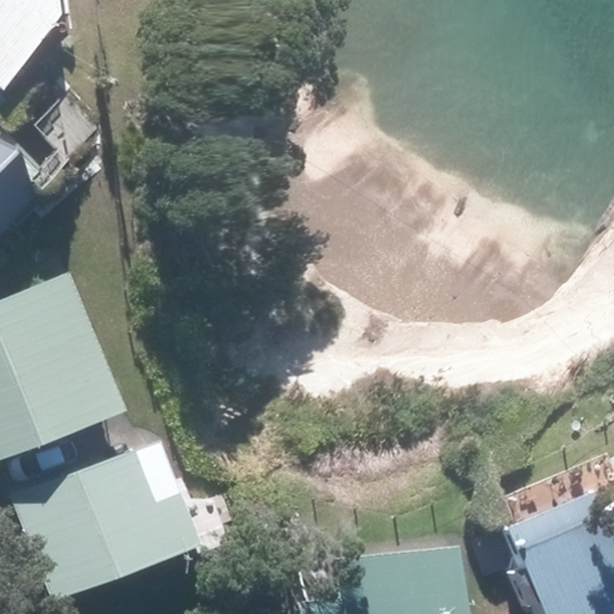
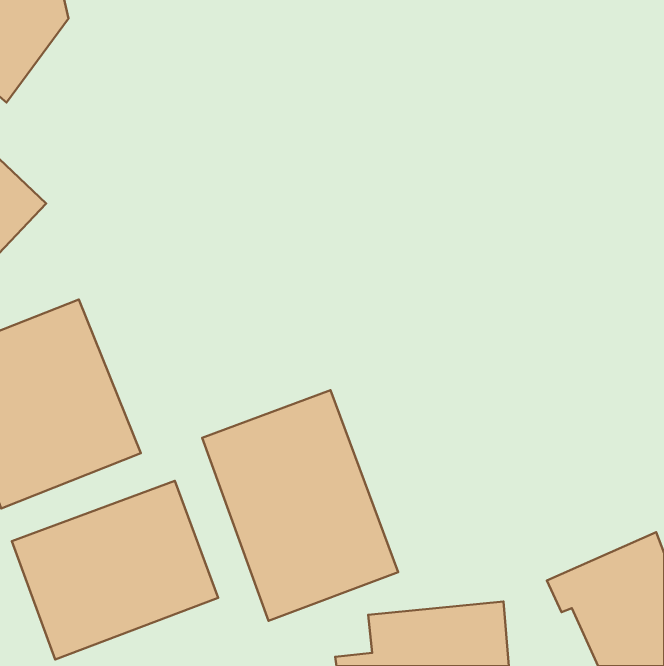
building: none -> [202,390,398,621]

